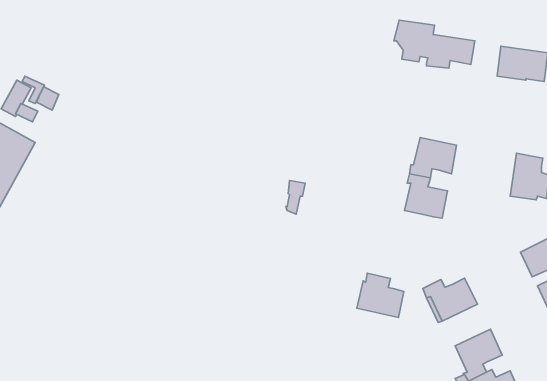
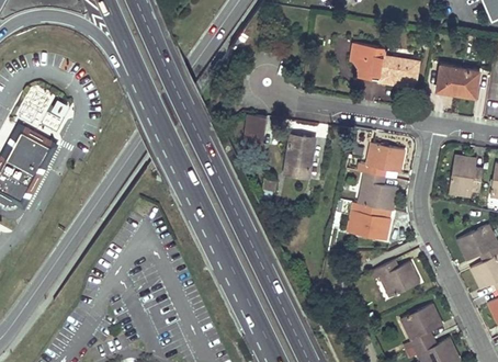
building: none -> [242,112,264,142]
building: none -> [283,135,314,176]
building: [357,273,404,317] -> [350,202,389,239]

